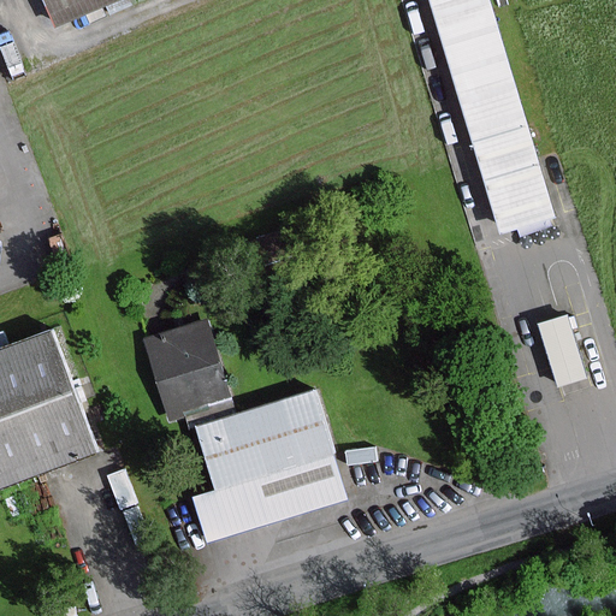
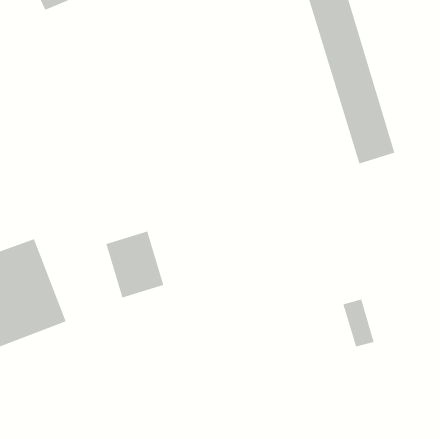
building: [538,314,582,381] -> [343,299,375,347]
building: [200,390,350,541] -> none

